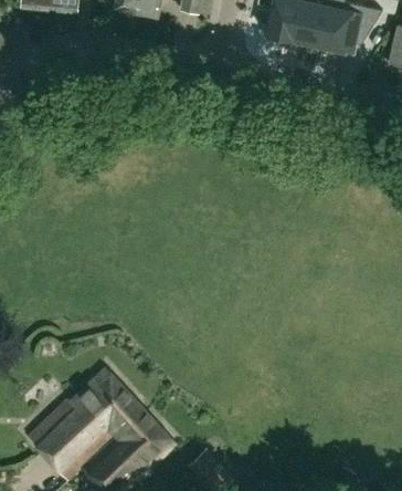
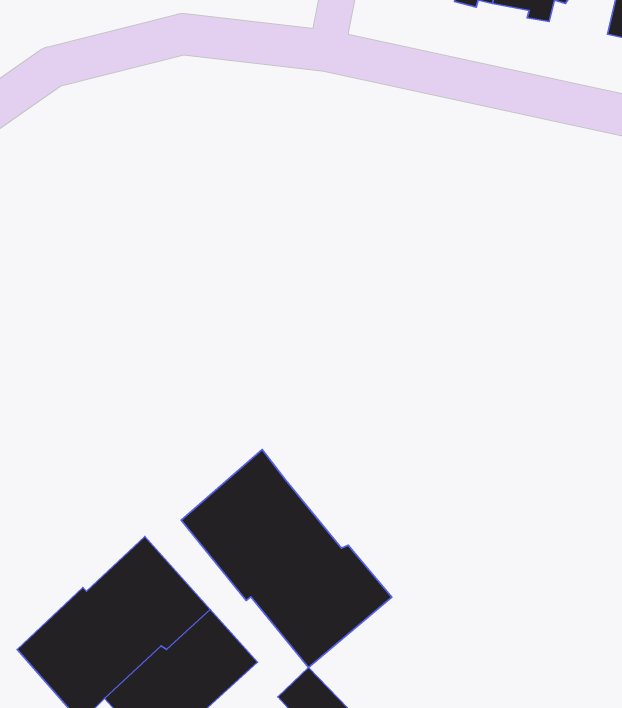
building: none -> [181,449,392,668]

